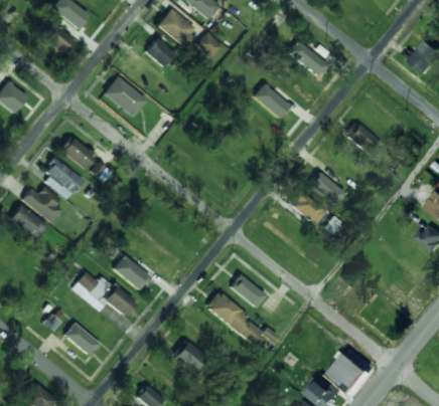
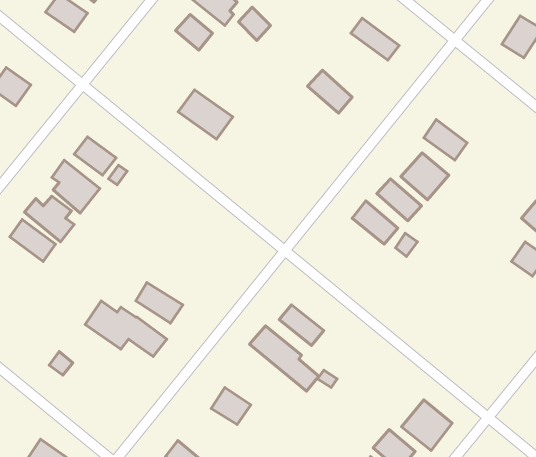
building: [103,76,147,117] -> [178,90,233,139]
building: none -> [401,153,449,200]
building: [63,324,101,356] -> none

